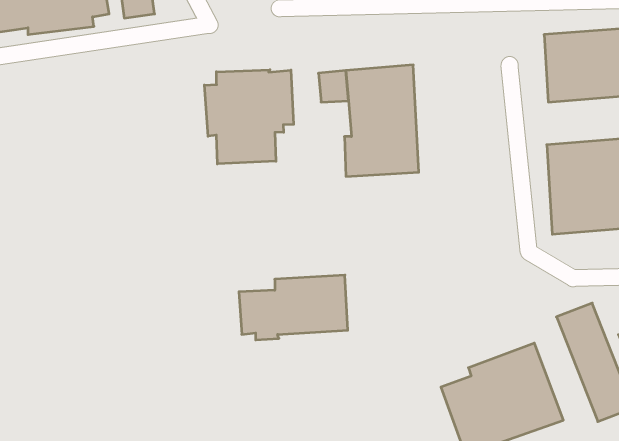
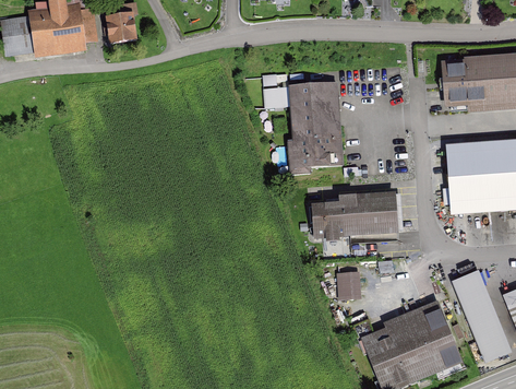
building: [204,70,294,164] -> none
building: [239,275,348,340] -> [312,193,398,245]
building: none -> [338,273,363,296]

